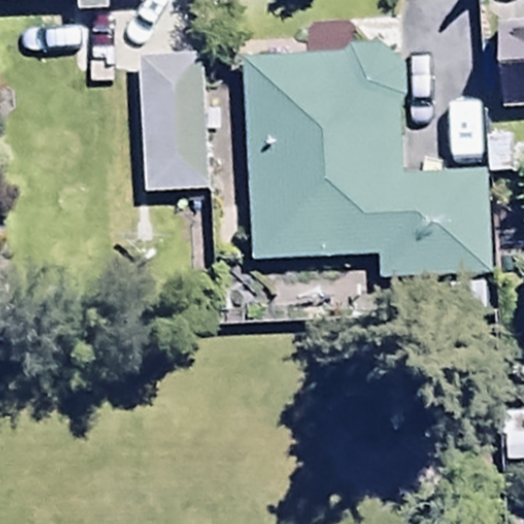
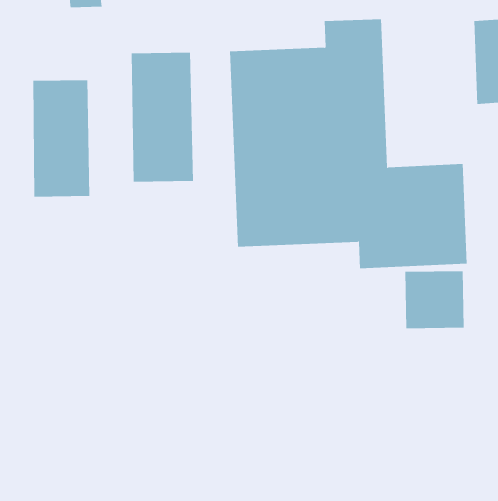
building: none -> [33,79,90,197]

